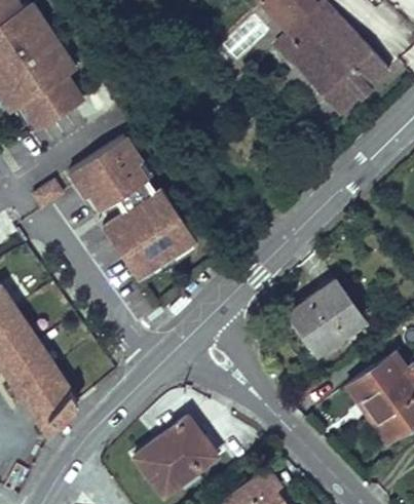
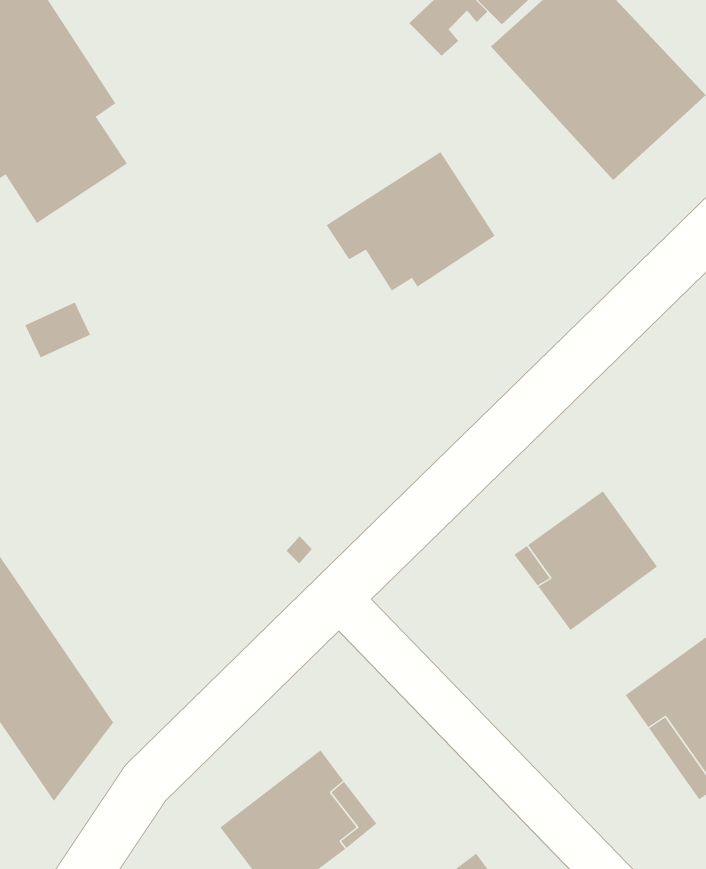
building: none -> [326,151,496,291]
building: [69,140,198,286] -> none

